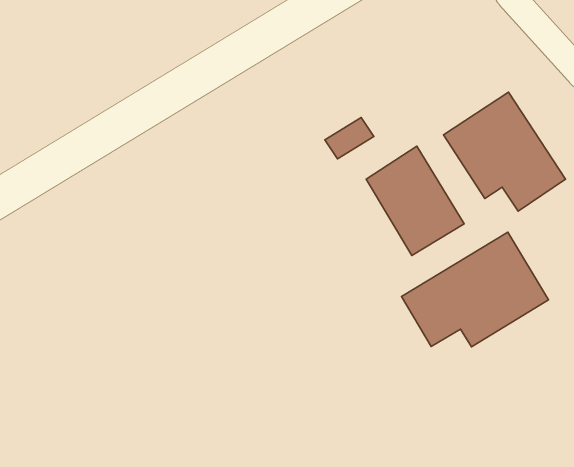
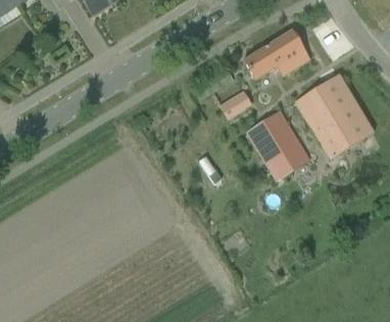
building: none -> [244,29,310,79]
building: [402,232,549,347] -> none

